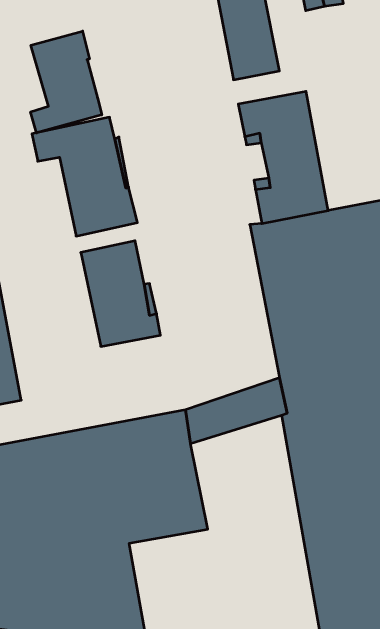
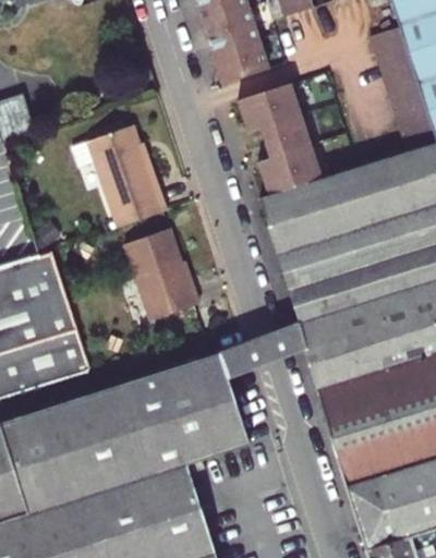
building: [31,31,102,133] -> none

